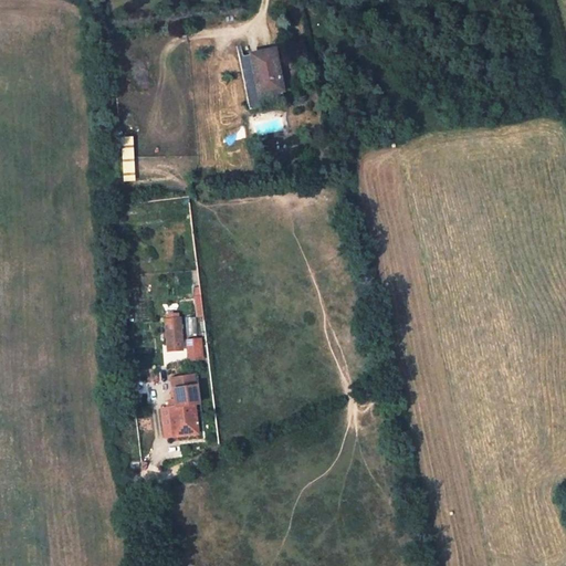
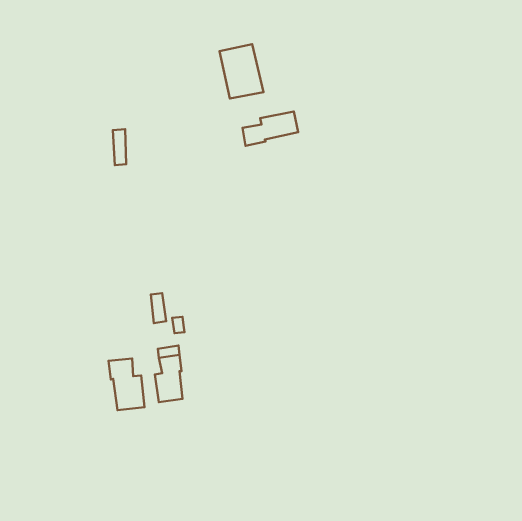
building: none -> [242,111,298,146]
building: none -> [109,358,144,410]

